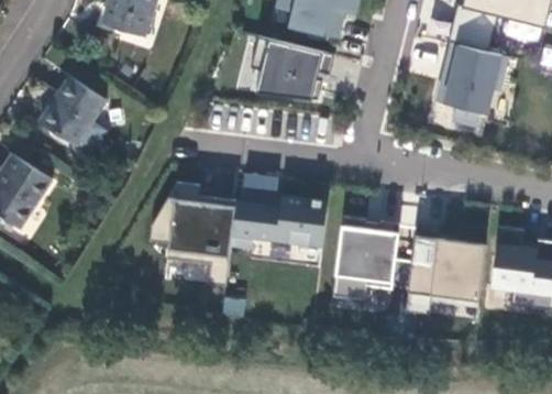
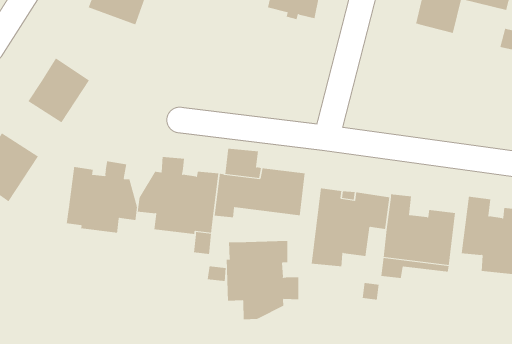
building: [250,34,334,97] -> none
building: [437,42,507,128] -> none
building: none -> [66,160,137,233]
building: none -> [226,240,299,320]

